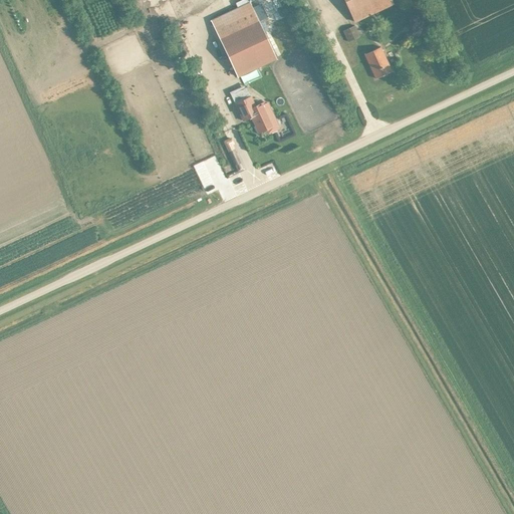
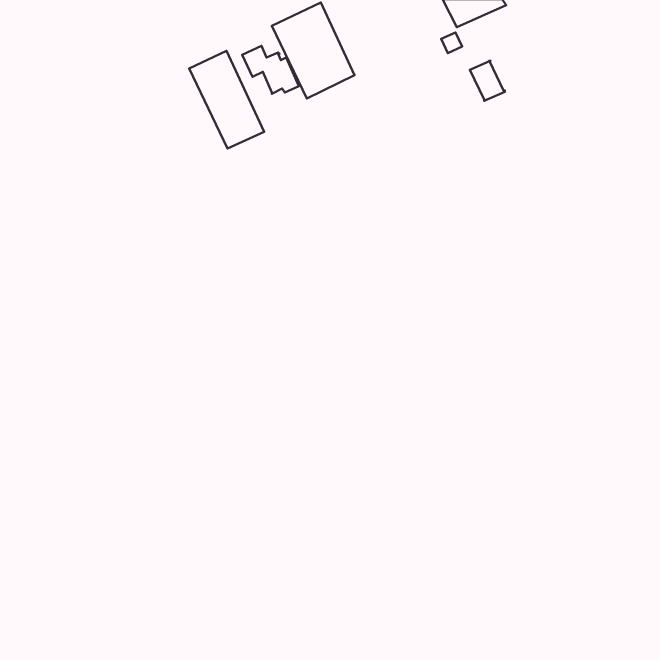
building: none -> [189,51,264,148]
building: [236,96,280,134] -> [242,46,299,94]

